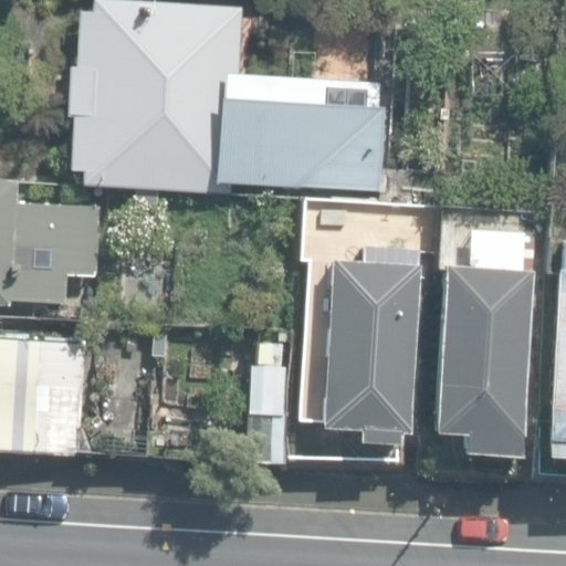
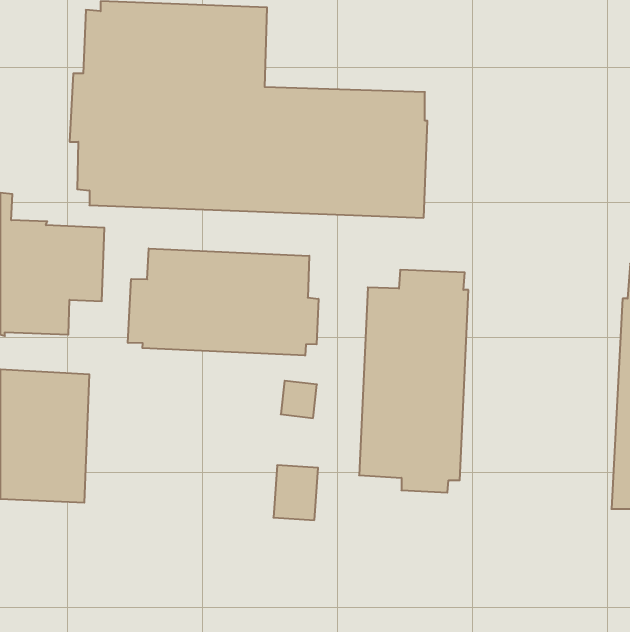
building: none -> [128,248,318,356]
building: [434,228,534,457] -> none

